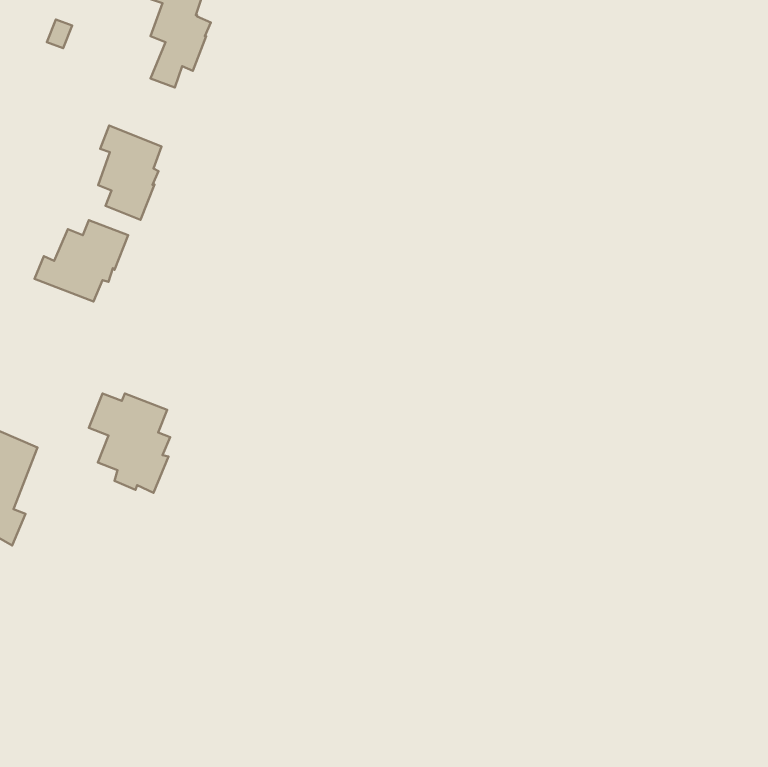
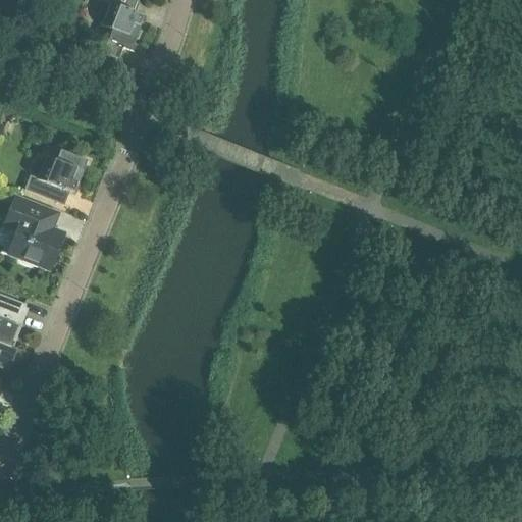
building: [98,126,162,220] -> none
building: [89,393,170,493] -> [4,201,59,268]

